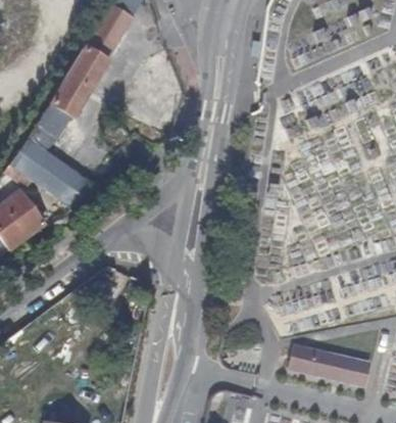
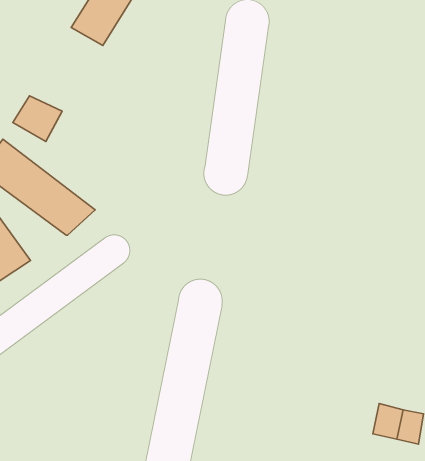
building: [50,48,109,115] -> none
building: [288,343,332,376] -> none

